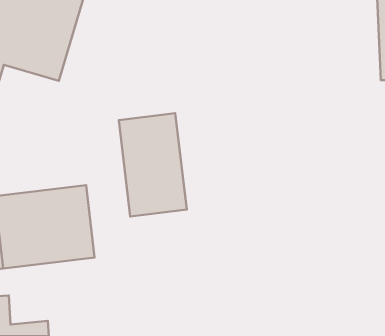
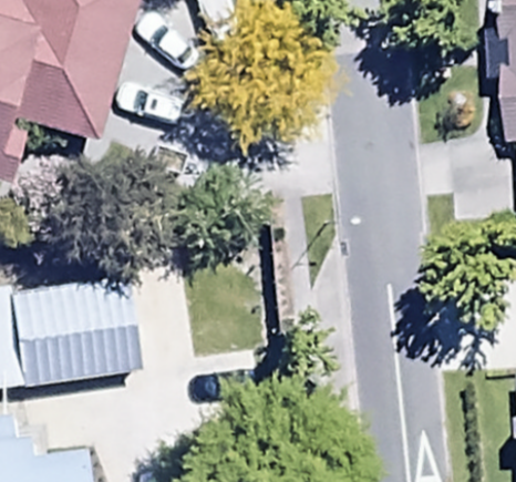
building: [119,113,187,216] -> none

